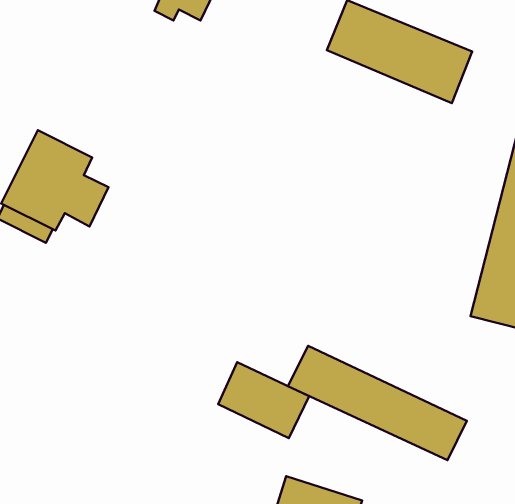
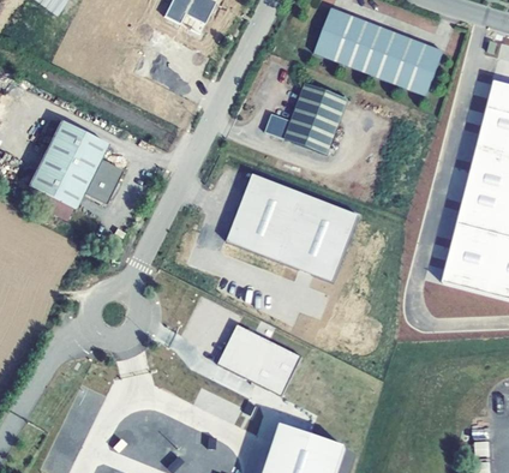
building: none -> [264,82,347,154]
building: none -> [221,172,353,280]
building: [288,346,467,460] -> none

